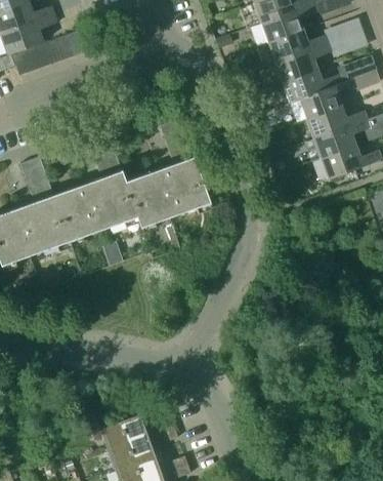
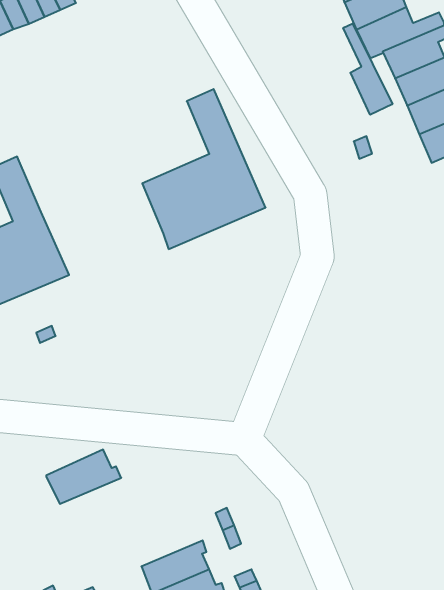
building: none -> [343,23,392,115]
building: [52,131,137,241] -> none
building: [98,412,151,448] -> [46,450,121,504]

